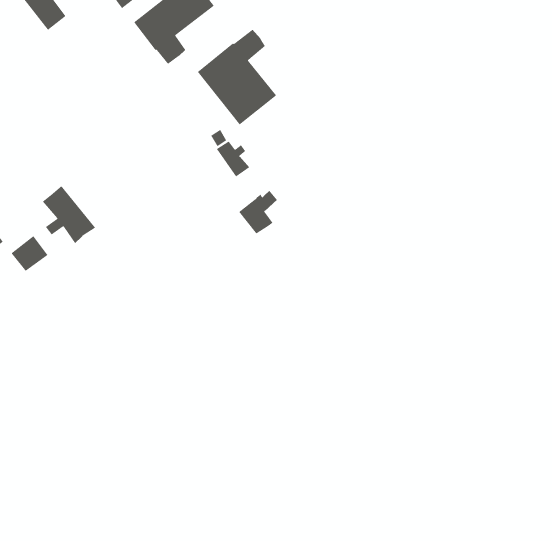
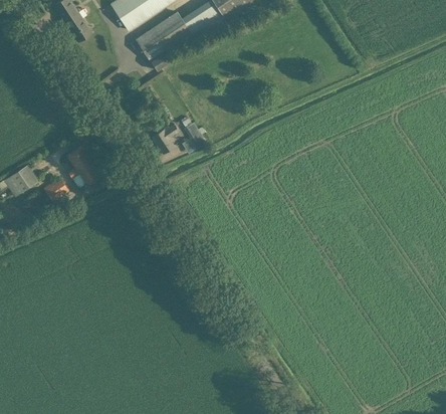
building: [197,29,277,126] -> none
building: [238,190,278,235] -> [152,124,179,153]

